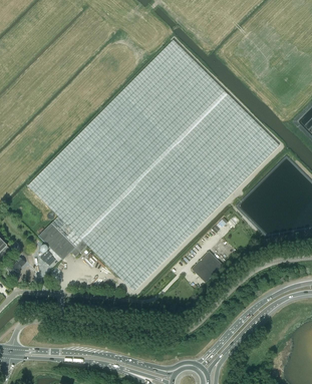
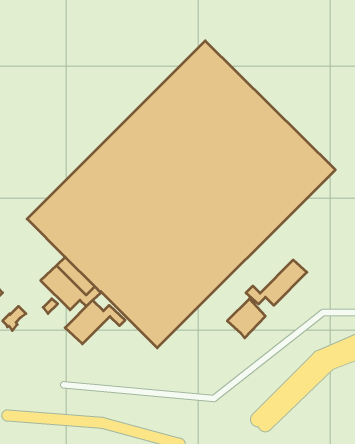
building: none -> [246,260,307,305]
building: none -> [65,300,125,344]

